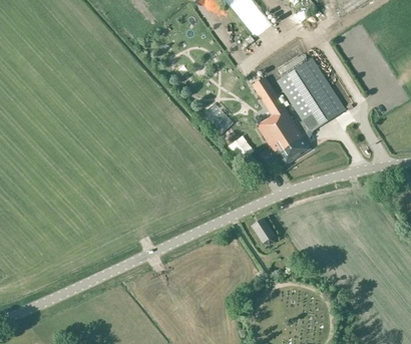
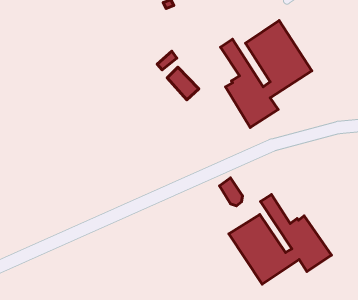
building: none -> [229,195,332,284]

